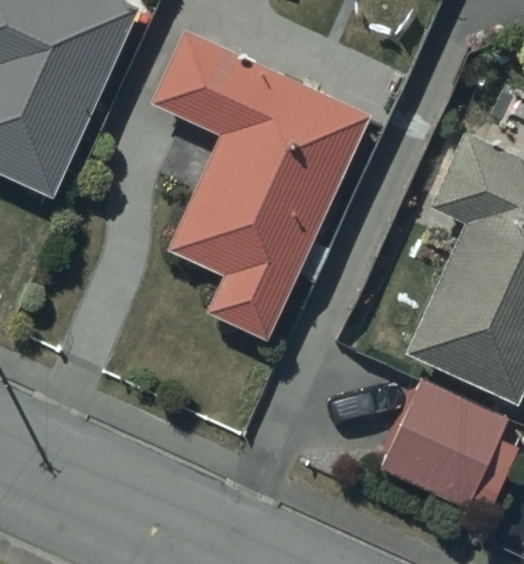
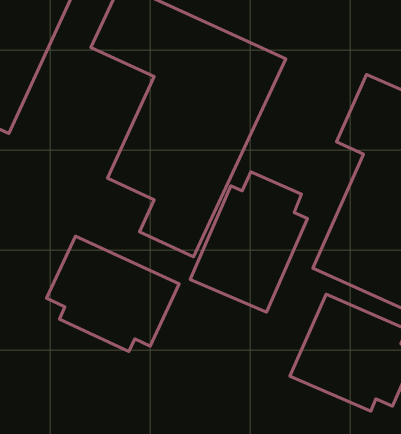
building: none -> [190,172,307,312]
building: none -> [47,236,179,352]

